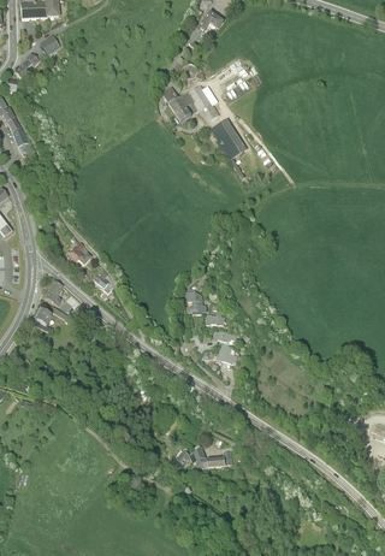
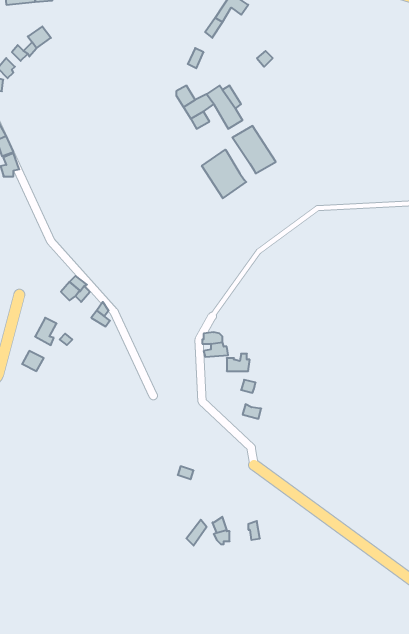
building: none -> [202,150,246,198]

